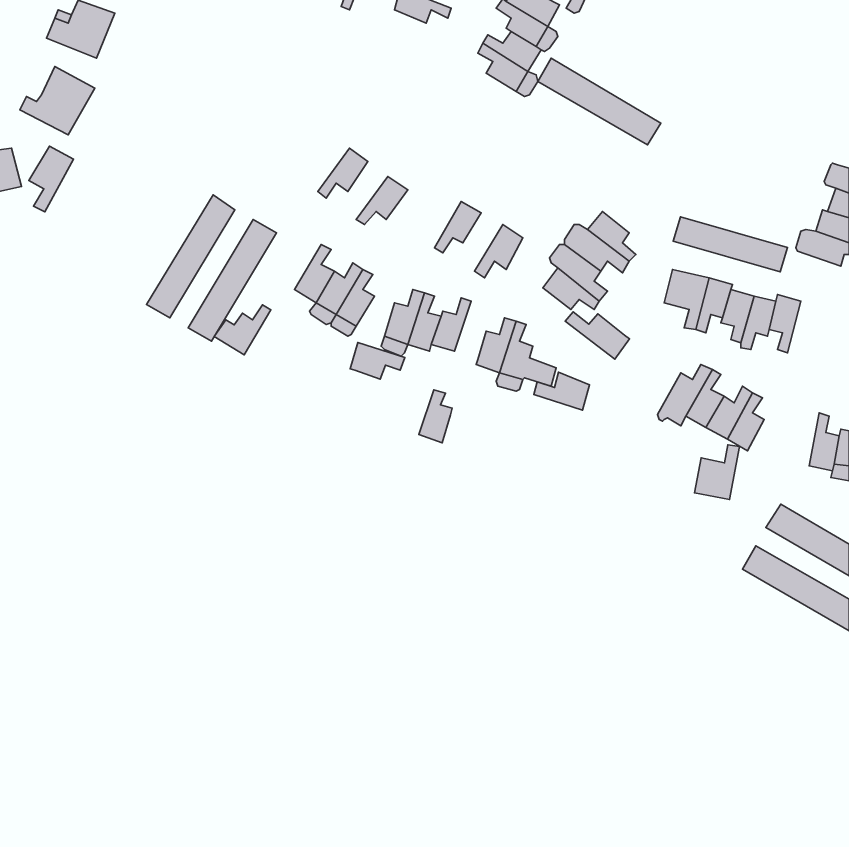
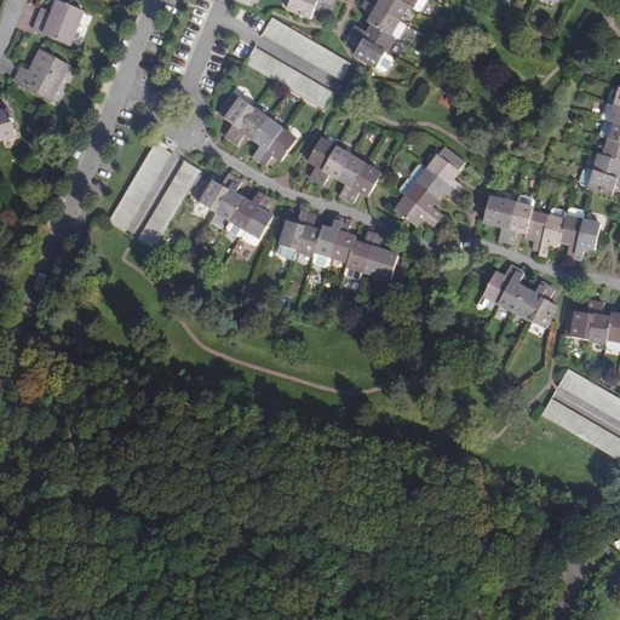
building: [538,58,661,145] -> [262,16,351,79]
building: none -> [245,46,333,109]
building: none -> [224,93,254,139]
building: [29,146,73,212] -> none
building: none -> [253,117,282,160]
building: none -> [308,137,335,180]
building: none -> [337,155,366,197]
building: [673,217,788,272] -> none
building: none -> [573,219,601,259]
building: [214,305,271,355] -> [193,174,234,211]
building: [565,312,629,359] -> none
building: [350,343,405,379] -> none
building: [534,372,590,410] -> none
building: [419,390,452,443] -> [331,223,355,262]
building: [695,445,740,500] -> [563,299,596,339]

